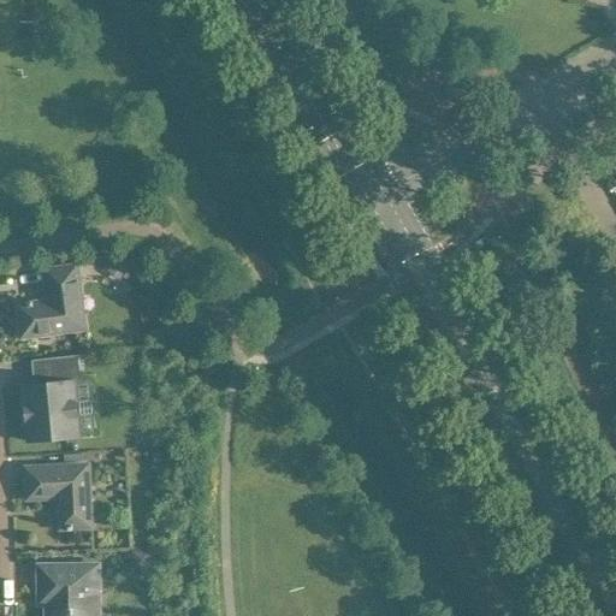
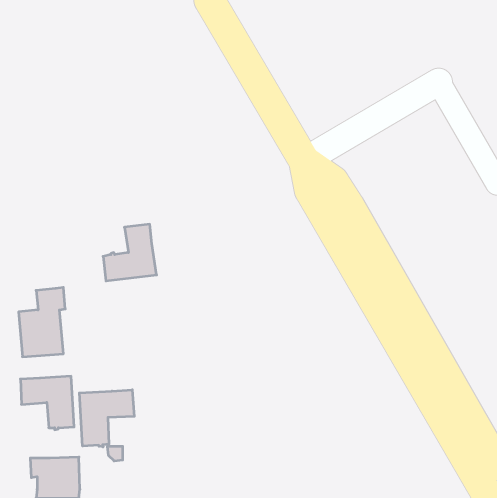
building: [18,266,84,336] -> [103,224,157,281]
building: none -> [79,390,134,447]

